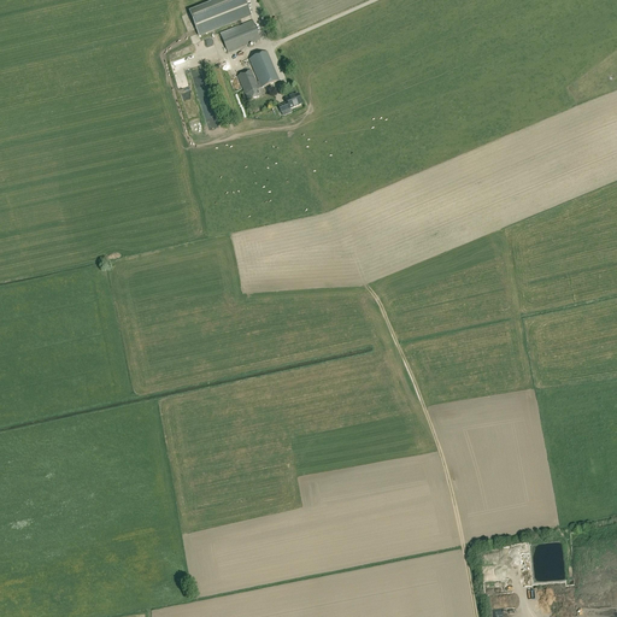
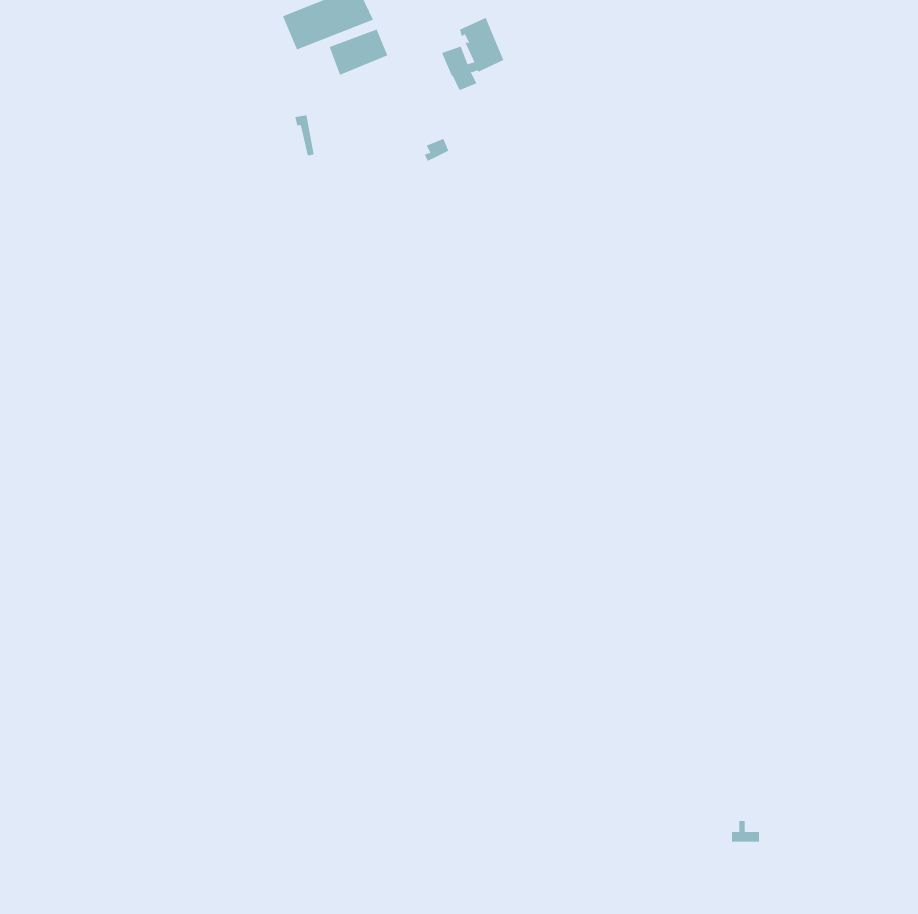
building: [237,49,280,99] -> [441,17,504,91]

